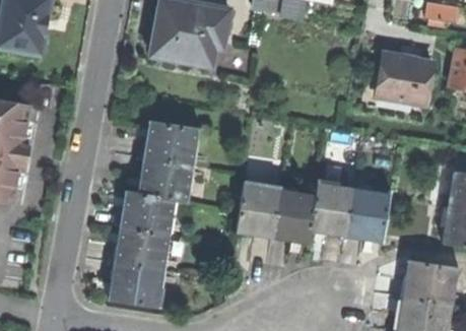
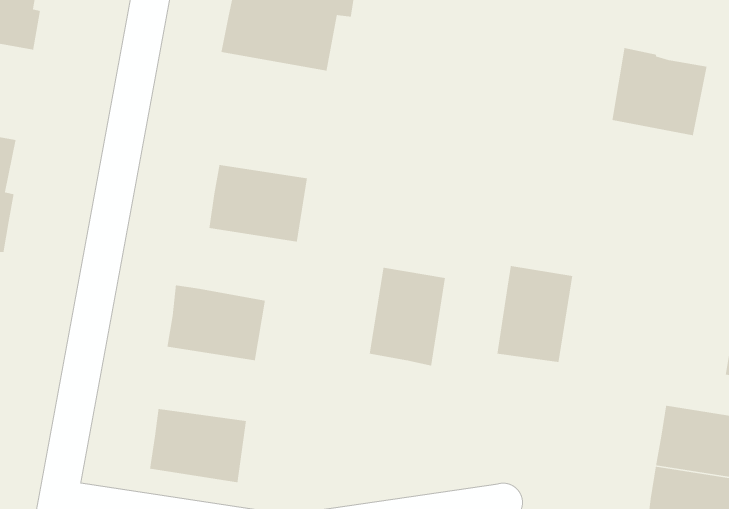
building: [136,158,194,202] -> none
building: [346,186,390,242] -> none
building: [272,187,316,244] -> none
building: [113,227,170,270] -> none

